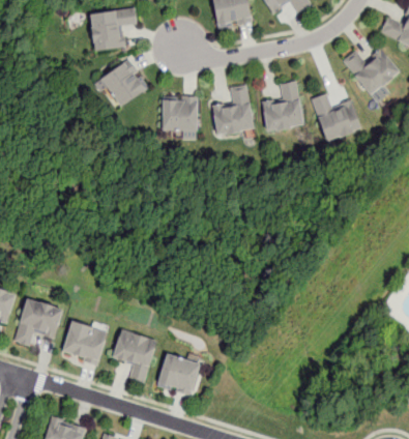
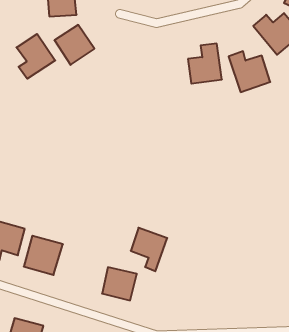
building: none -> [16,34,55,79]
building: [210,88,251,135] -> none
building: [163,98,199,131] -> none
building: [113,329,157,382] -> [131,228,167,271]

